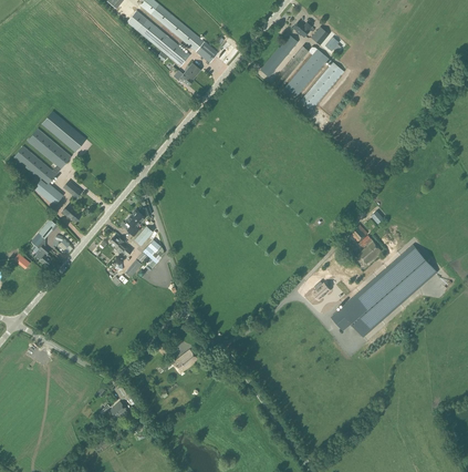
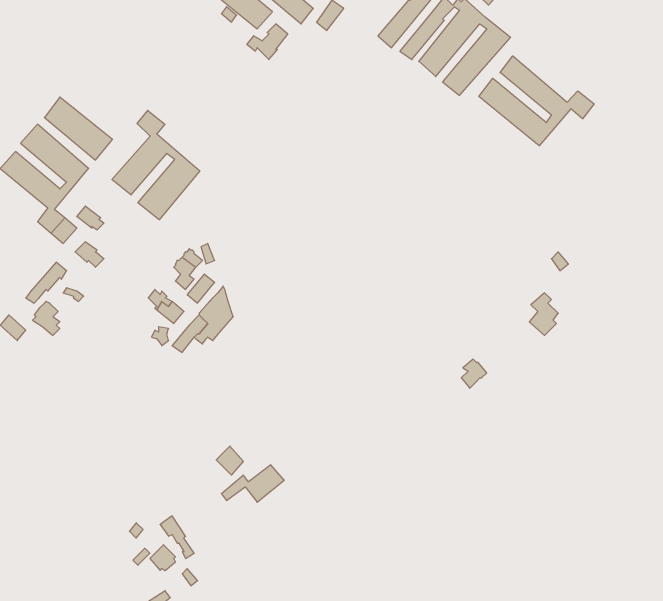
building: none -> [479,56,594,146]
building: none -> [112,110,200,220]
building: [331,244,437,336] -> none

